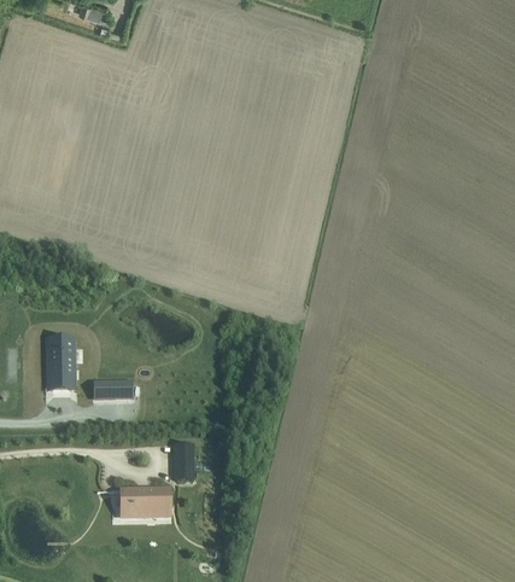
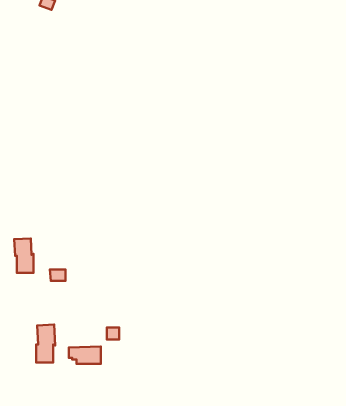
building: none -> [36,324,55,363]

